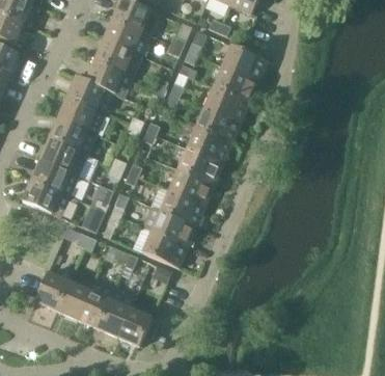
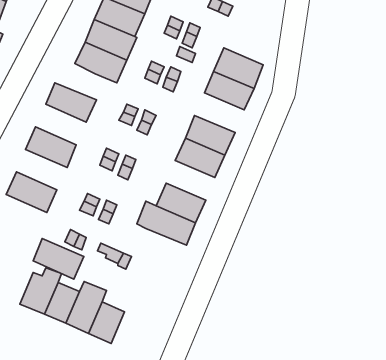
building: [222,45,268,81] -> none
building: [66,76,113,113] -> none
building: [195,107,241,143] -> none
building: [49,117,95,155] -> none
building: [31,159,78,196] -> [33,238,84,279]
building: [169,169,214,206] -> none
building: [142,232,188,268] -> none
building: [118,308,152,346] -> none

